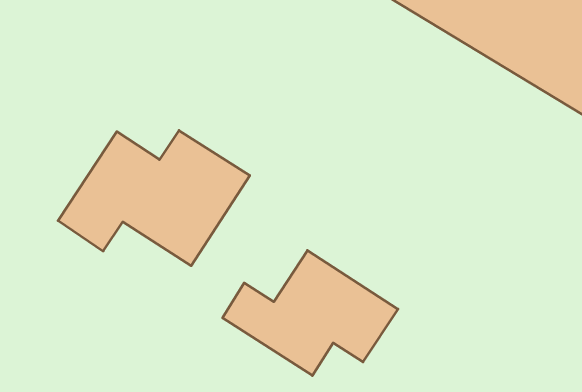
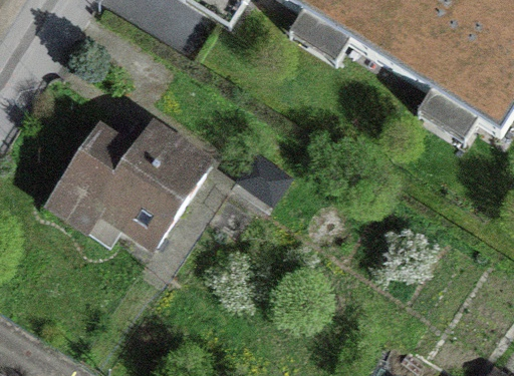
building: [223,250,398,376] -> none

